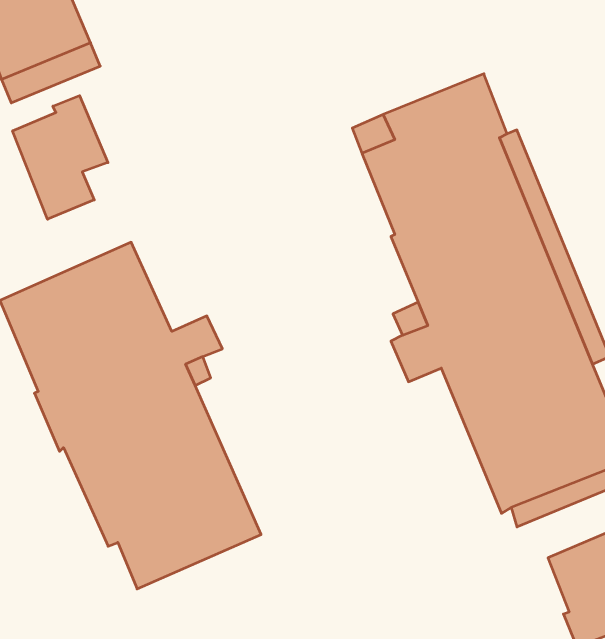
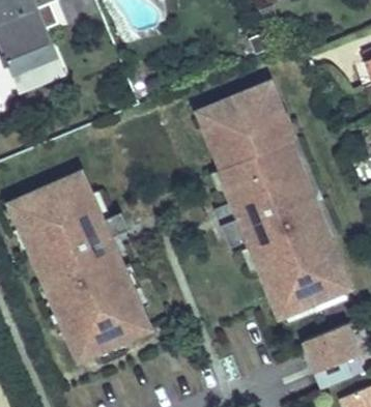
building: [13,96,108,219] -> none

